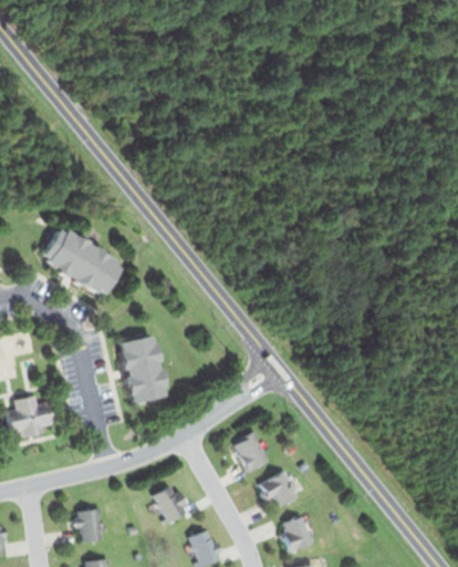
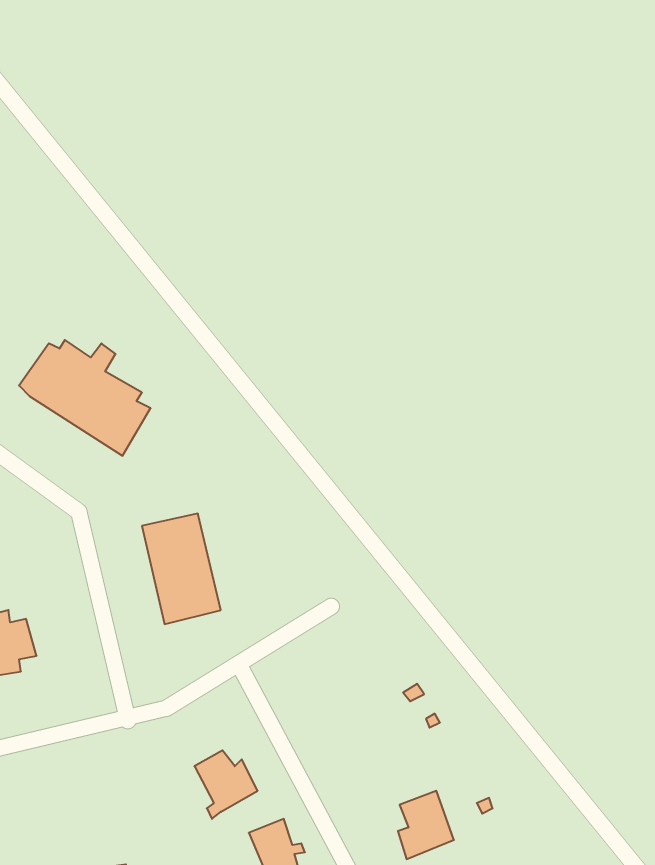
building: [229,429,268,473] -> none
building: [254,467,300,507] -> none
building: [74,506,101,544] -> none

